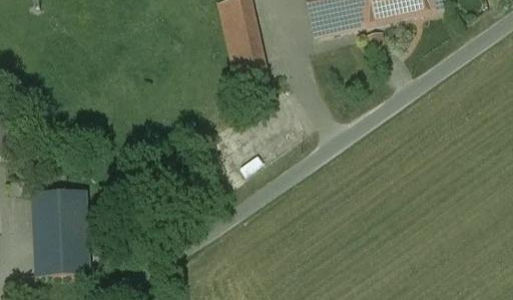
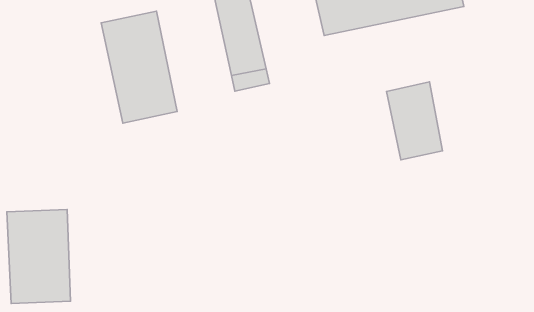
building: none -> [101,11,177,123]
building: none -> [387,82,443,160]

